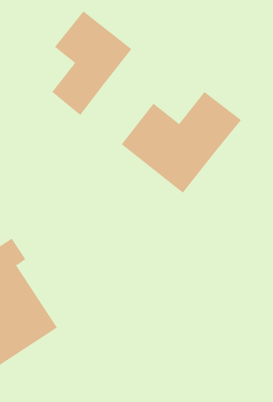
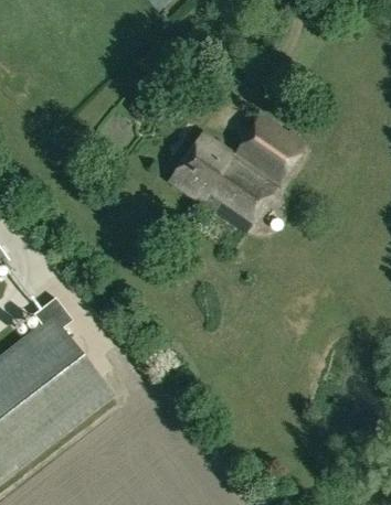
building: [51,10,132,116] -> none

